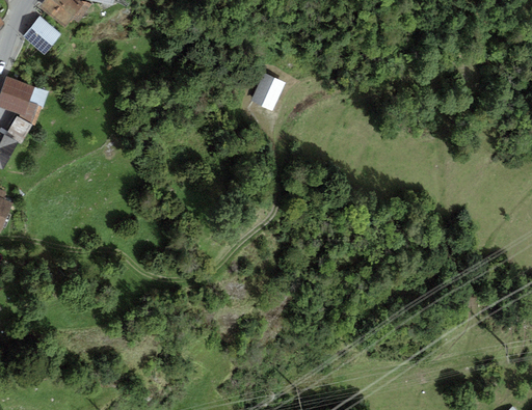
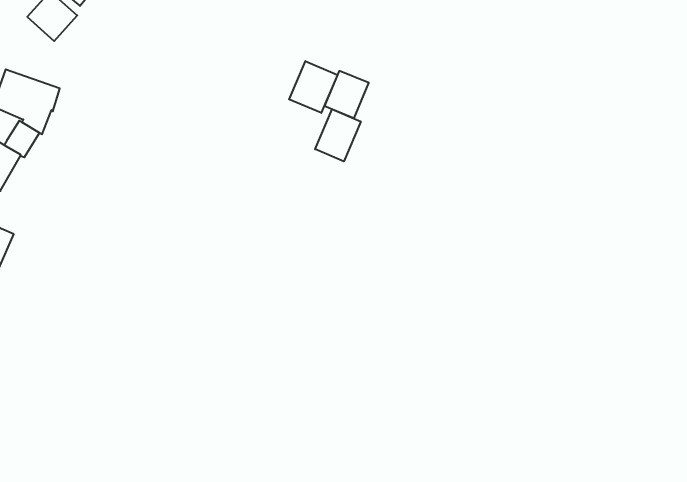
building: none -> [289,61,338,113]
building: none -> [315,109,361,161]

